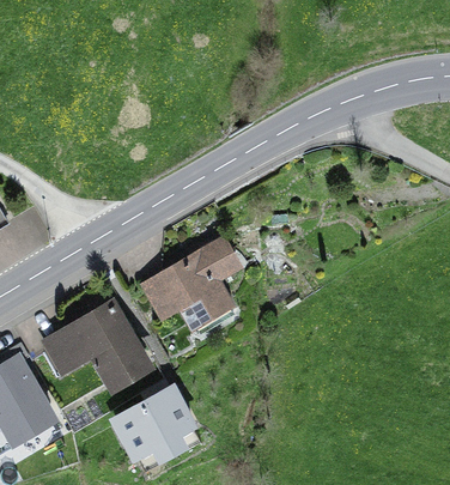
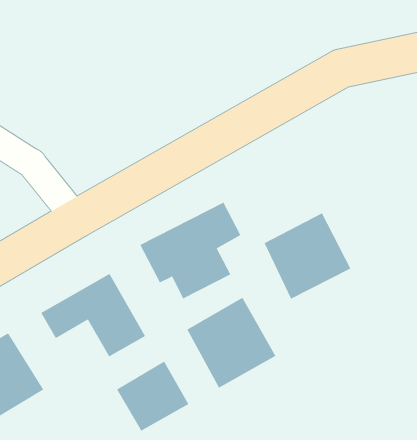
building: none -> [264,213,351,300]
building: none -> [187,297,276,389]

